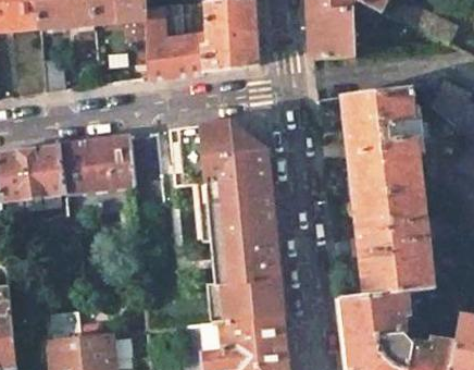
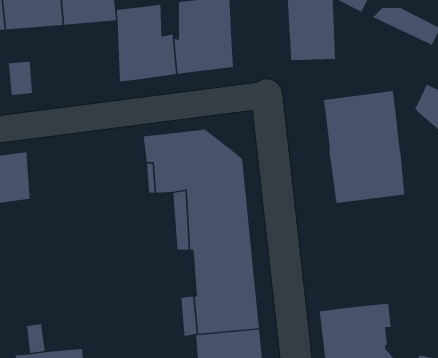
building: [59,136,133,192] -> none
building: [354,187,433,295] -> none

